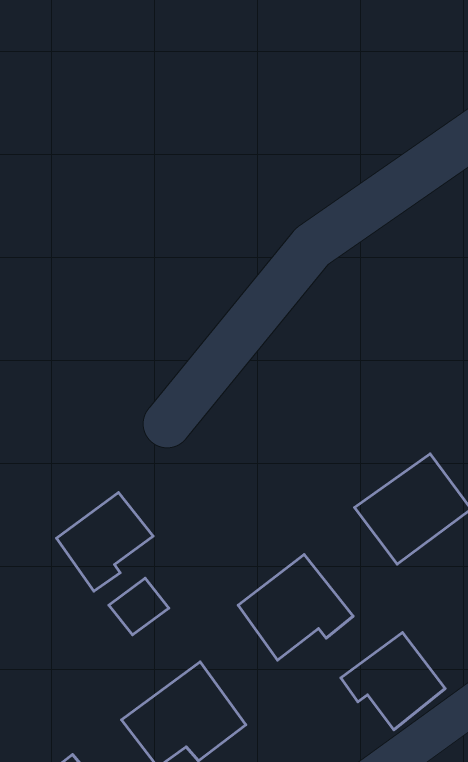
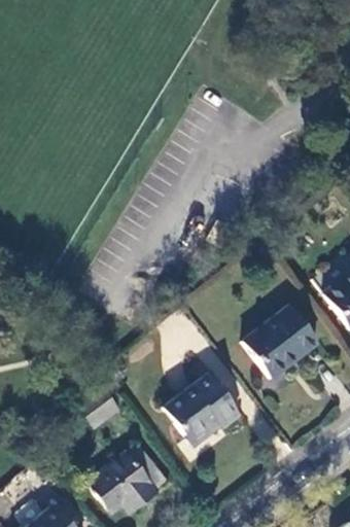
building: [56,492,153,591] -> none
building: [341,632,445,730] -> none

